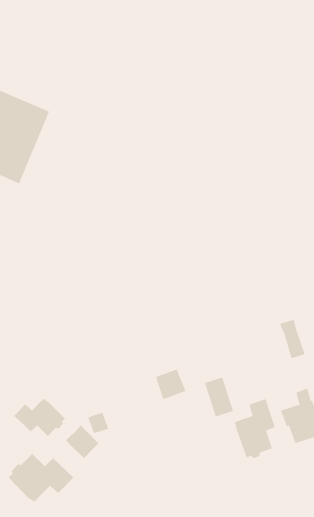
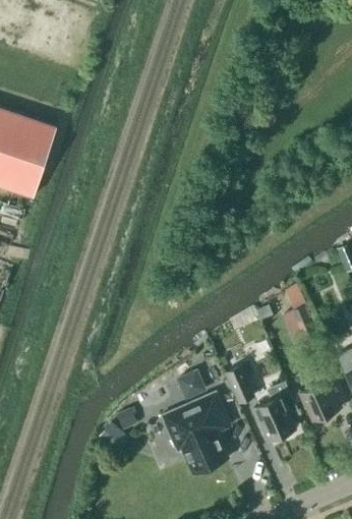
building: [13,398,66,437] -> none
building: none -> [161,392,231,473]
building: [8,453,74,503] -> none

